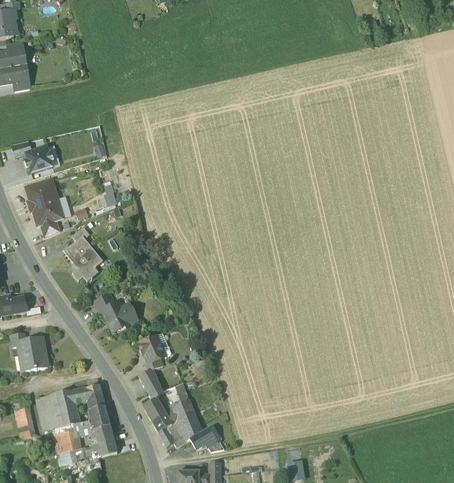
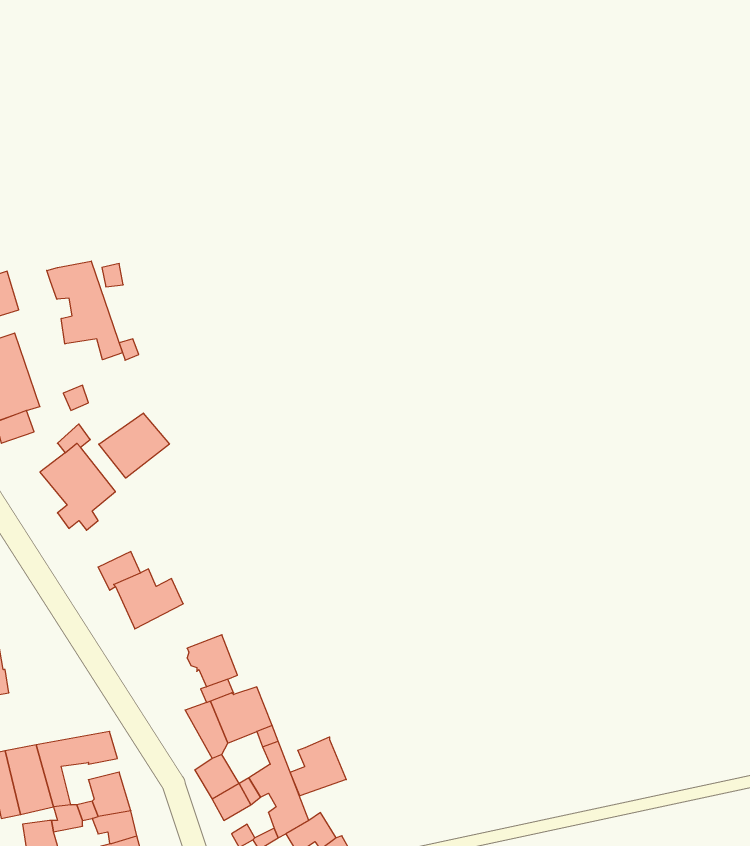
building: none -> [47,261,123,360]
building: none -> [99,413,169,478]
building: none -> [290,737,346,796]

